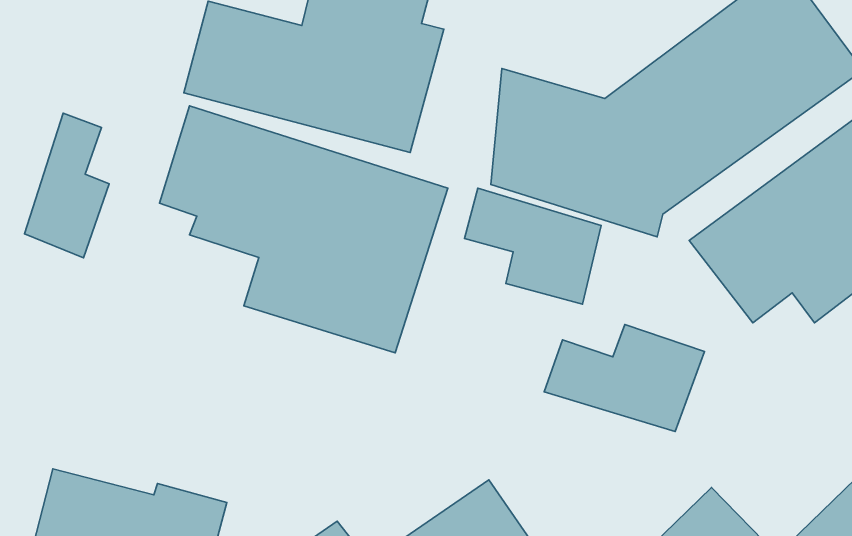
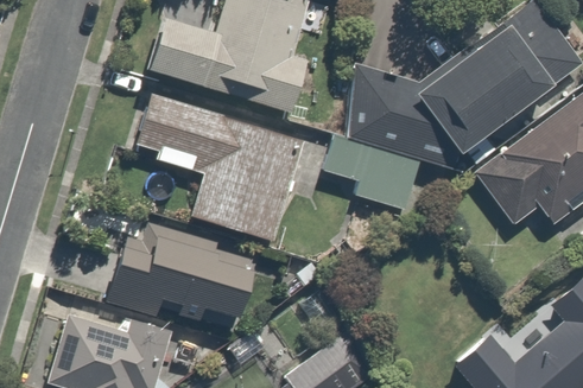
building: [25,113,109,258] -> none
building: none -> [108,222,275,332]
building: [544,325,705,431] -> none

